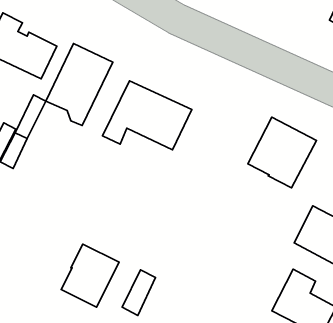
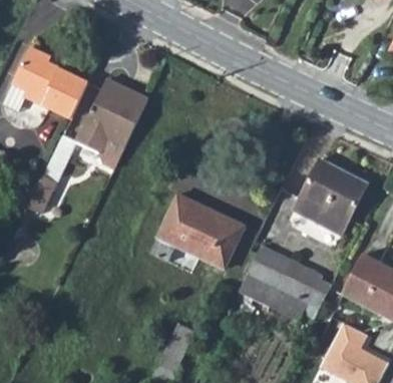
building: [103,81,192,150] -> [150,193,247,267]
building: none -> [240,245,323,320]
building: [61,244,119,307] -> none

